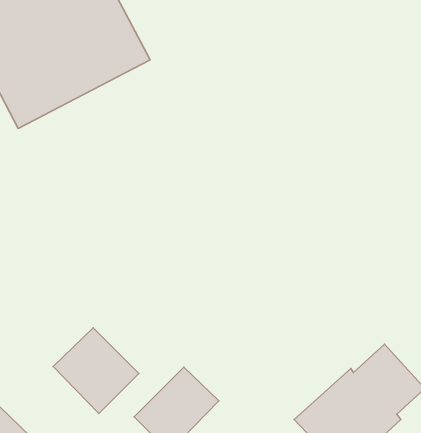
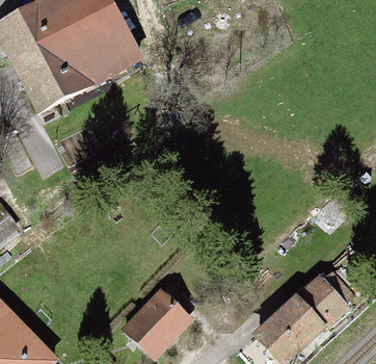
building: [53,328,139,414] -> none

